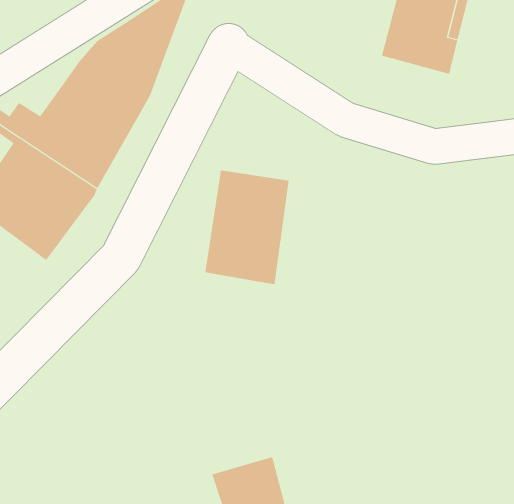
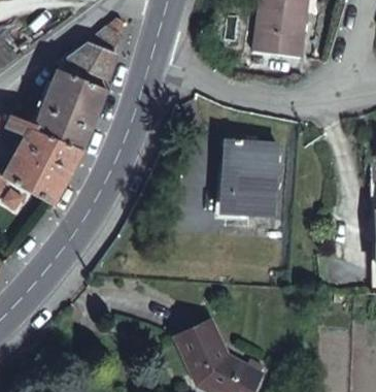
building: [204,170,290,285] -> [227,144,275,215]

